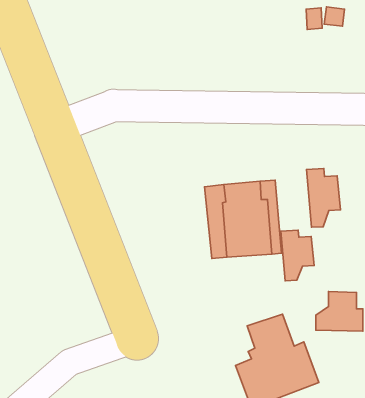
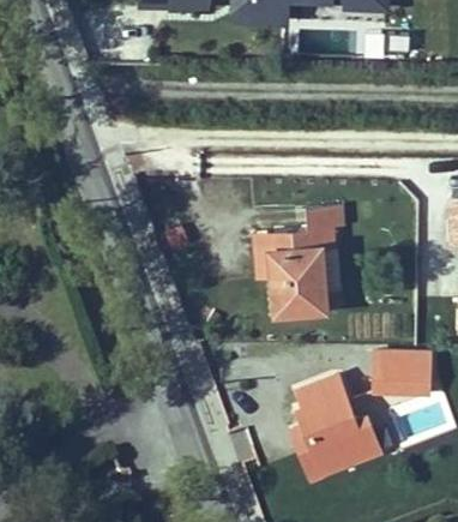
building: [306,169,340,227] -> none
building: [281,230,314,281] -> none

